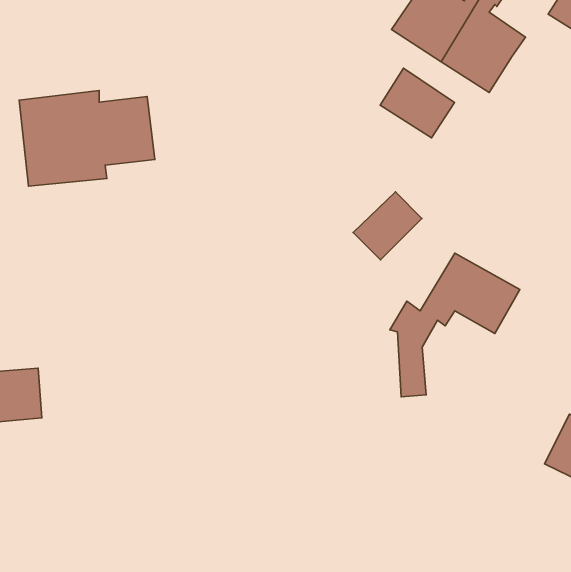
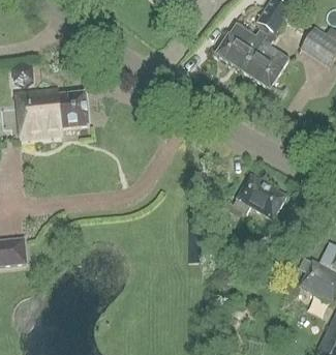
building: [380,68,454,138] -> none
building: [353,192,422,260] -> none

